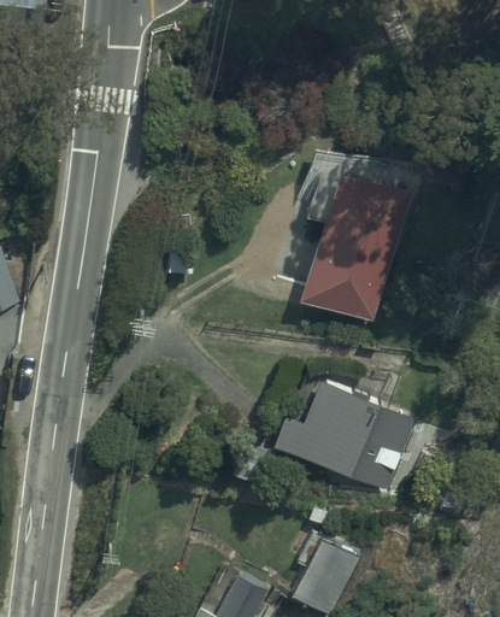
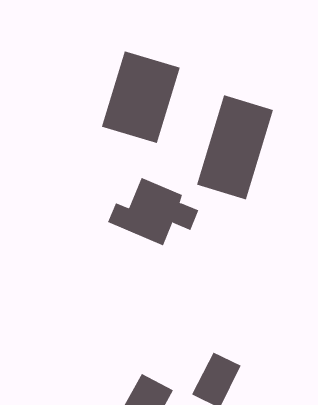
building: none -> [101,50,180,144]
building: [272,381,402,478] -> [107,177,199,246]

